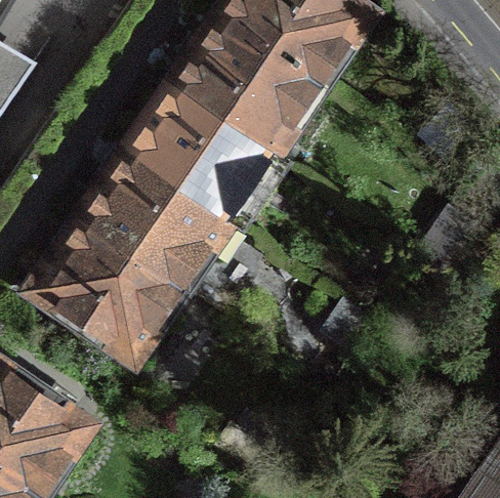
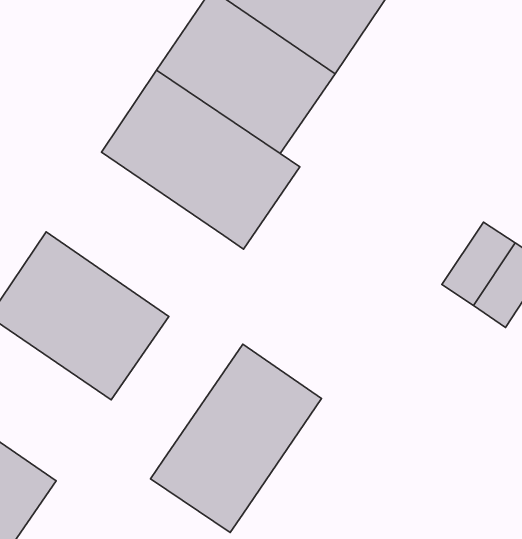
building: [79,151,227,288] -> none
building: none -> [151,344,321,533]

